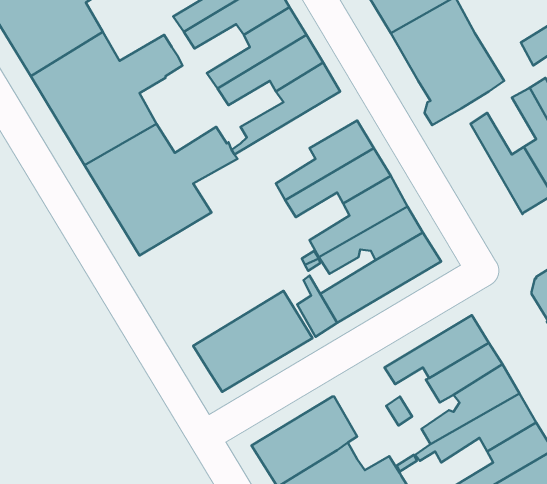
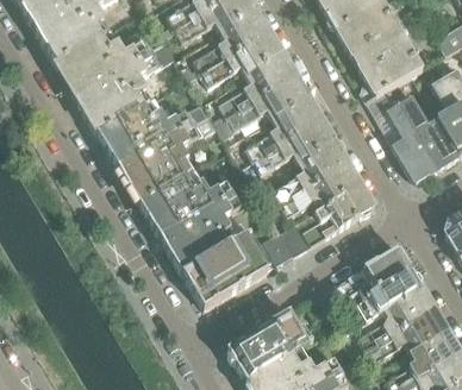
building: none -> [216,75,311,137]
building: none -> [369,88,439,181]
building: none -> [142,169,256,272]

